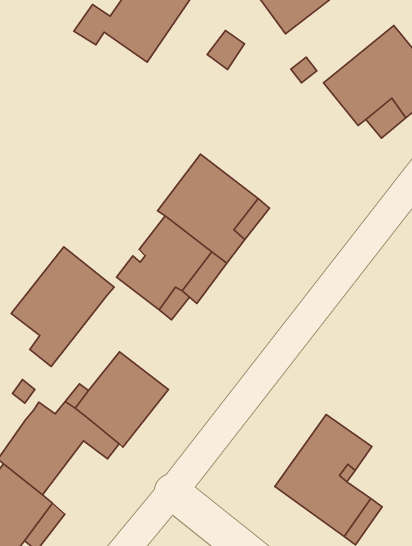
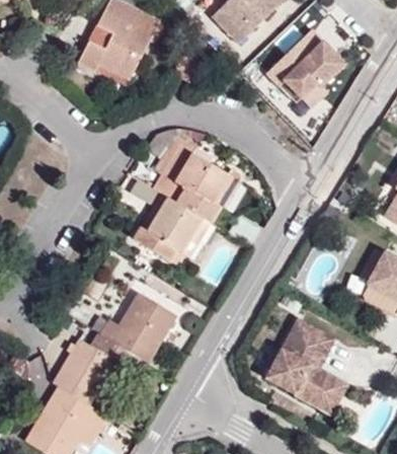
building: [11,247,114,366] -> none

